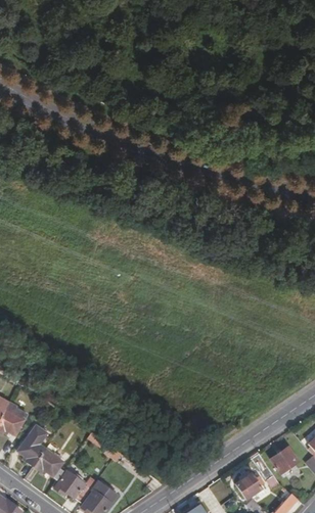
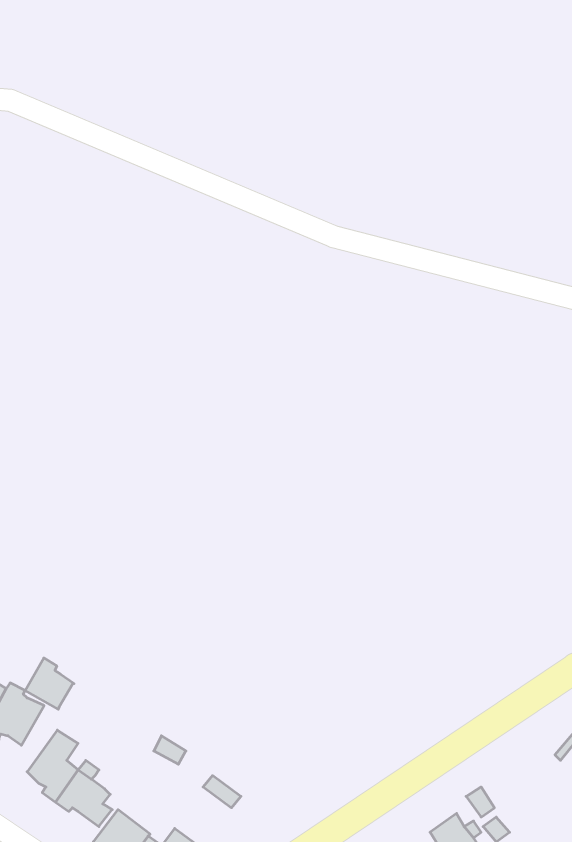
building: none -> [25,658,74,709]
building: [271,447,299,475] -> none

